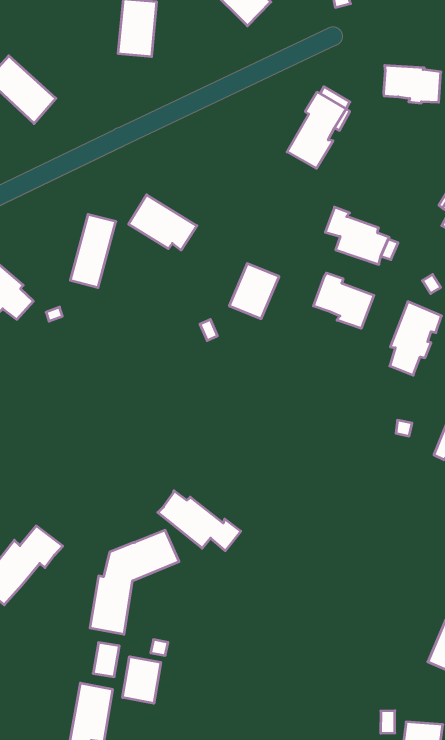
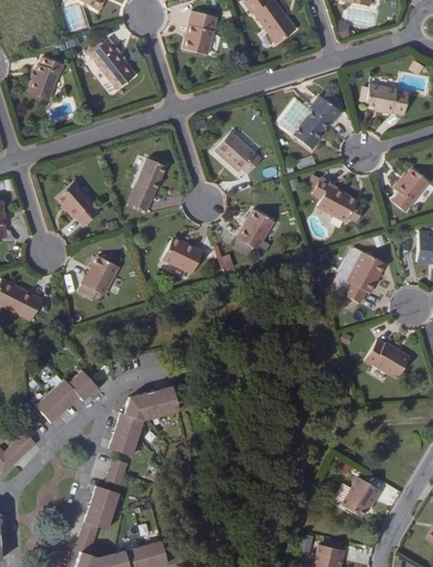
building: [129,195,197,250] -> [215,130,262,172]
building: [313,273,374,328] -> none
building: none -> [163,241,203,274]
building: none -> [82,255,120,292]
building: [158,491,241,551] -> none
building: [123,657,161,703] -> none

